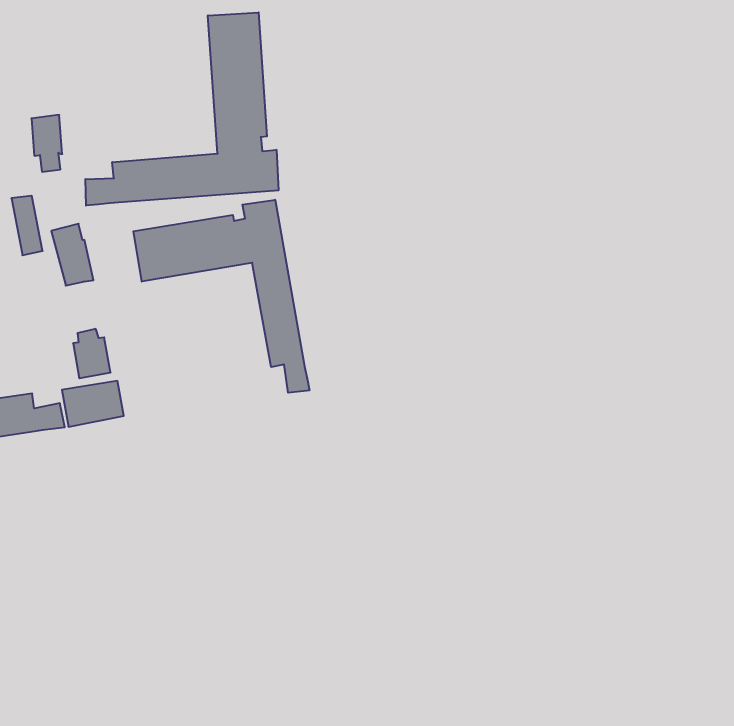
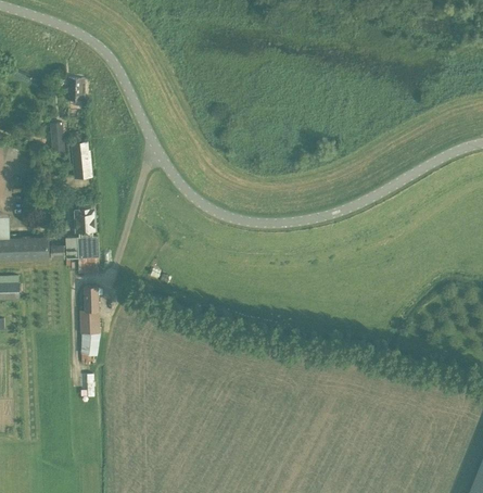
building: [85,12,278,206] -> none
building: [133,200,309,393] -> none
building: none -> [79,287,99,356]

